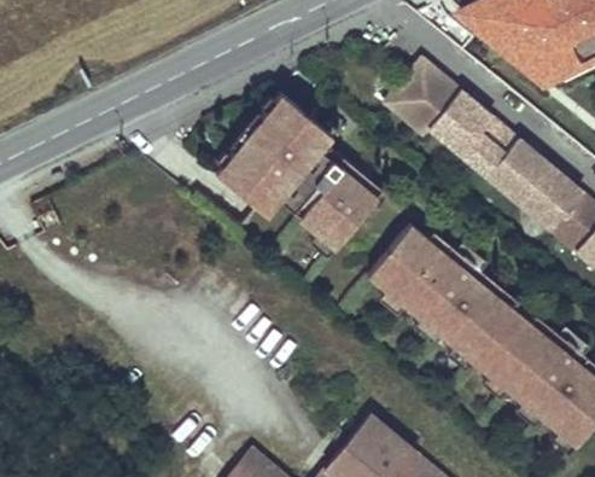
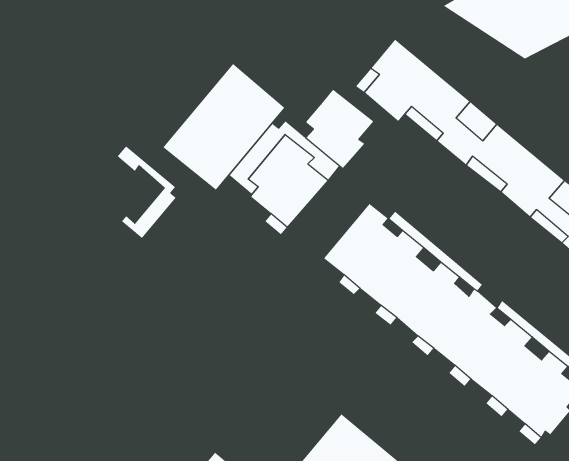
building: none -> [306,89,374,169]
building: none -> [117,146,176,239]

